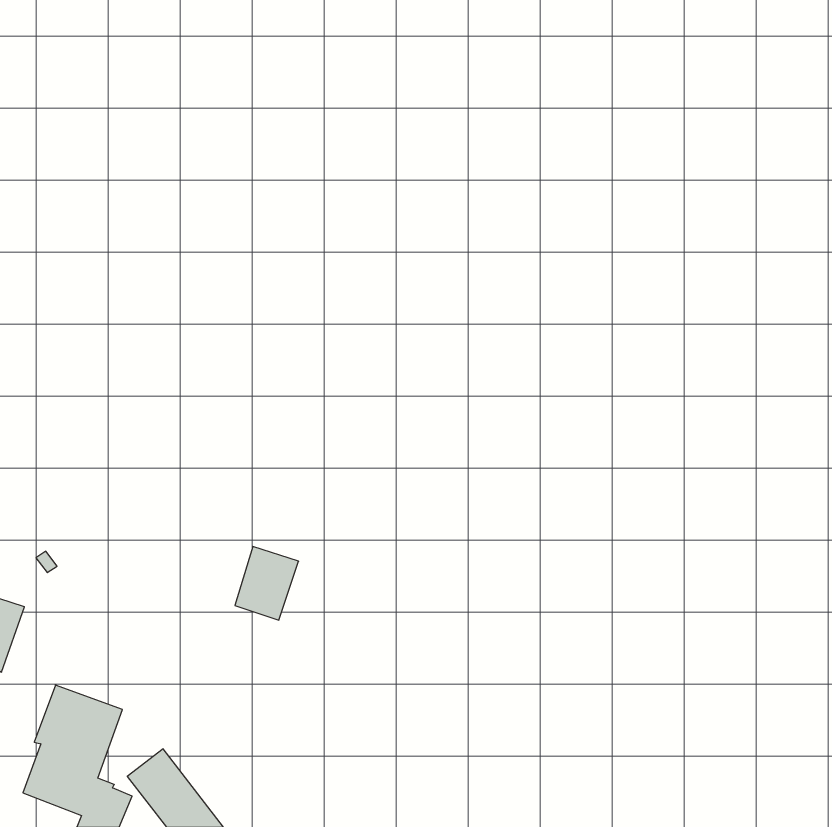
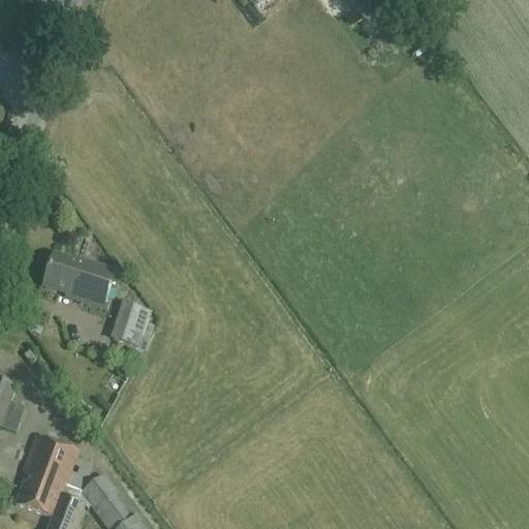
building: none -> [43,252,115,306]
building: [235,547,299,620] -> [111,300,151,346]

